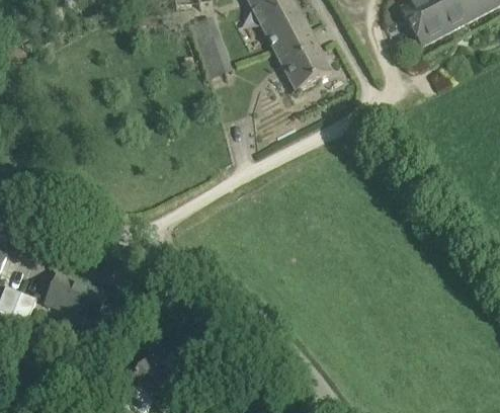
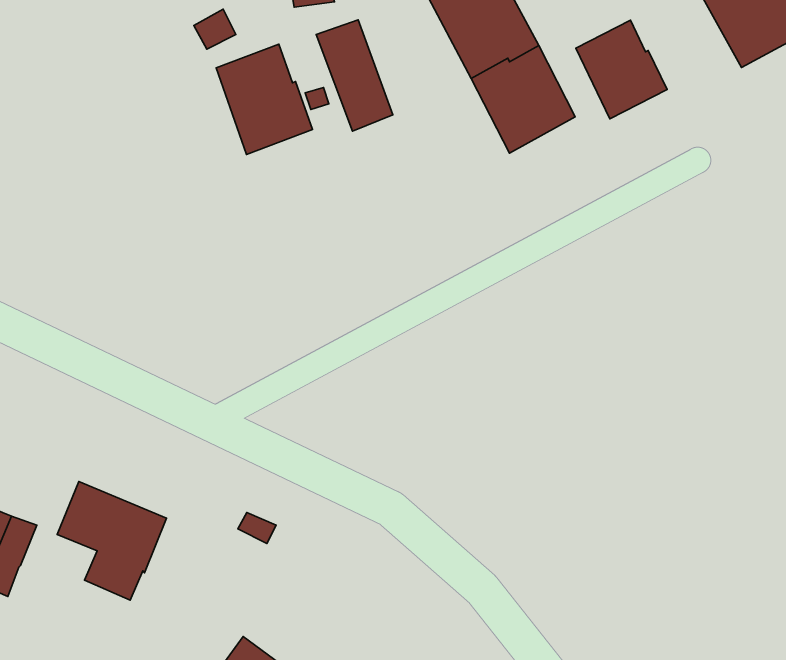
building: none -> [576,20,667,119]
building: none -> [216,44,313,155]

